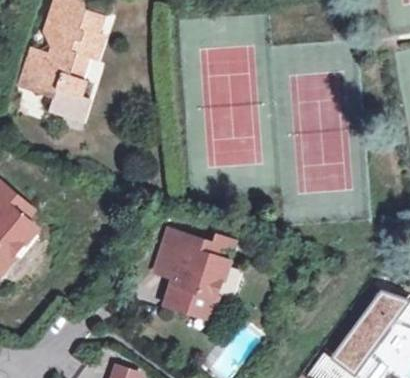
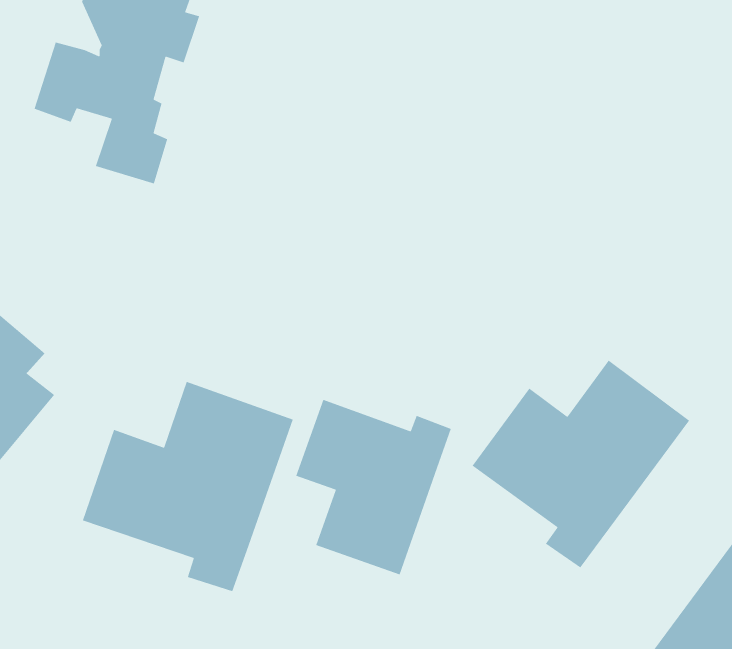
building: none -> [472,359,690,569]
building: none -> [82,381,294,592]

